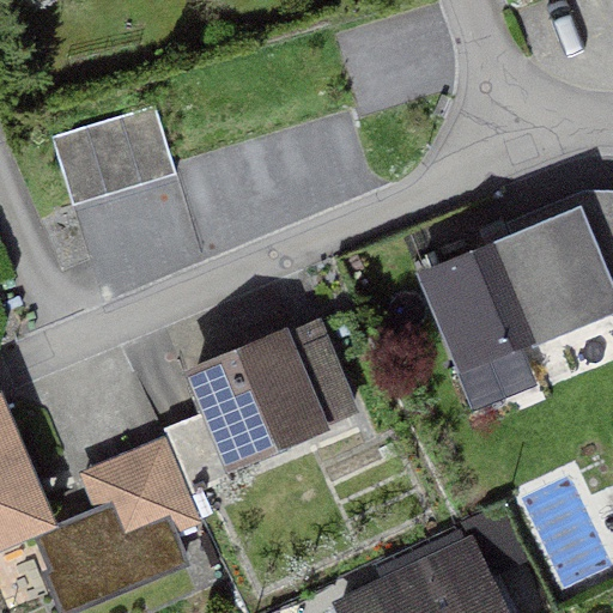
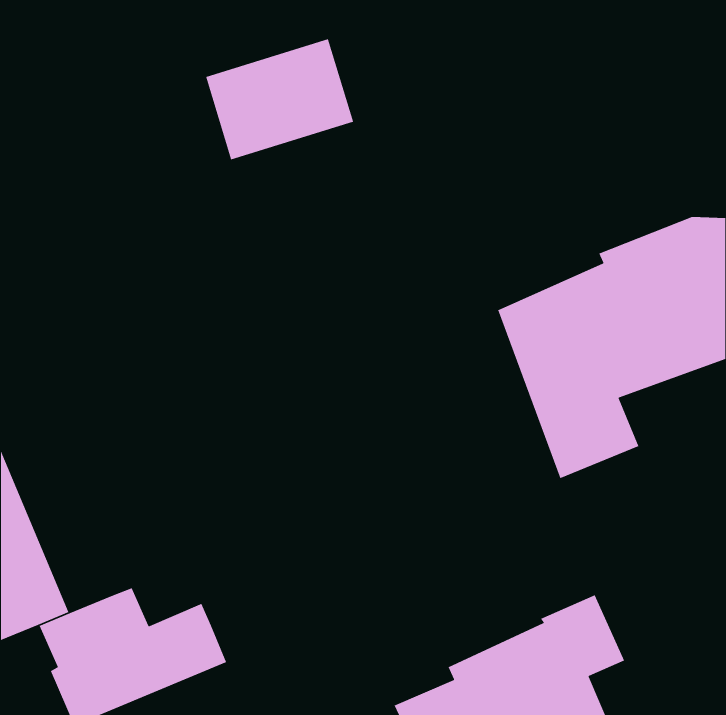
building: [51,115,177,218] -> [205,38,354,160]
building: [183,318,359,471] -> none
building: [79,441,200,536] -> none

